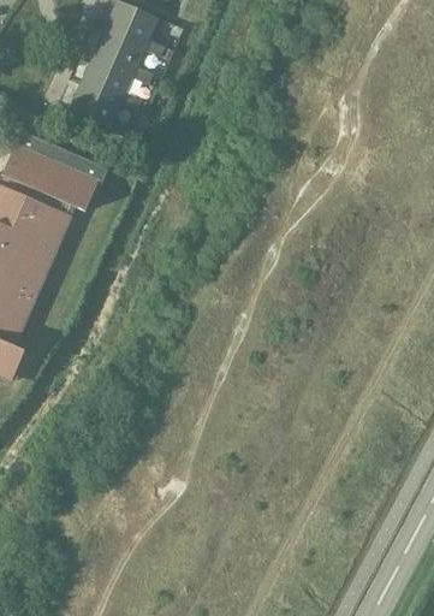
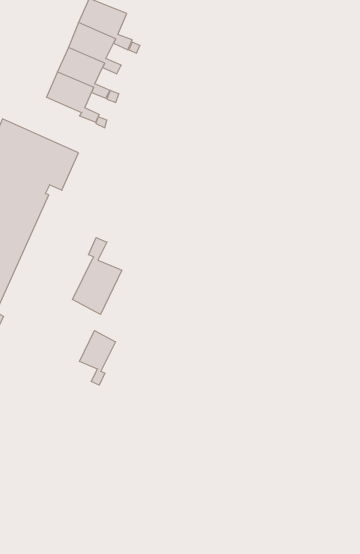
building: none -> [73,238,122,314]
building: none -> [79,331,116,385]

